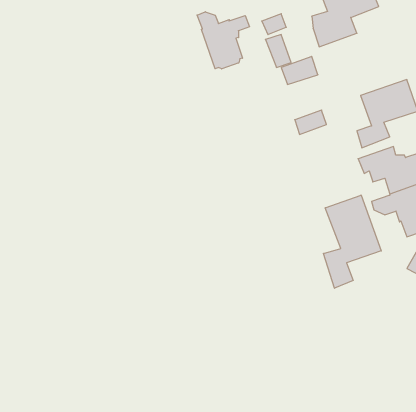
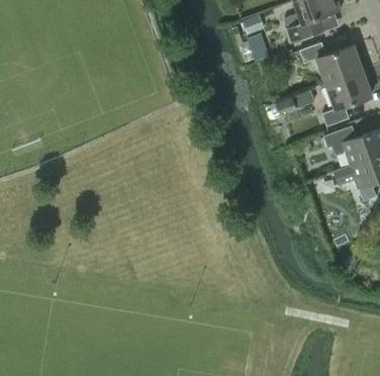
building: [197,12,249,69] -> none
building: none -> [299,41,364,83]
building: [323,195,381,288] -> none

